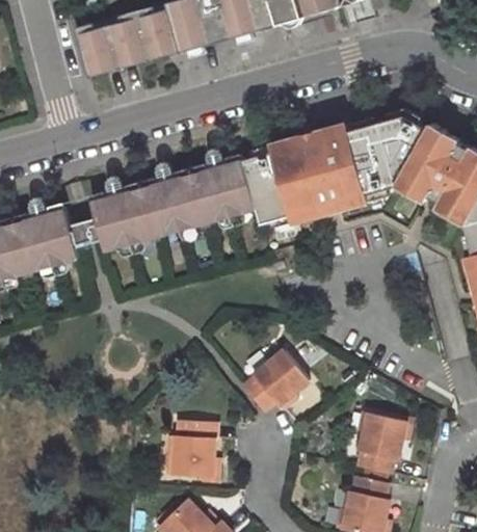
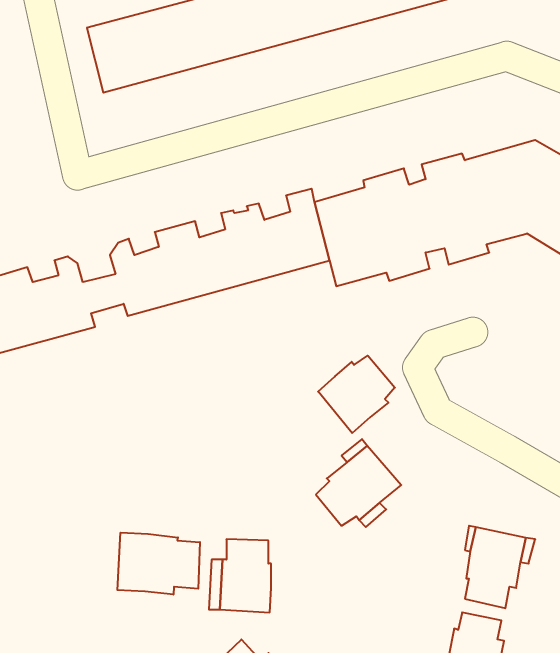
building: none -> [318,356,395,433]
building: none -> [117,533,200,595]

